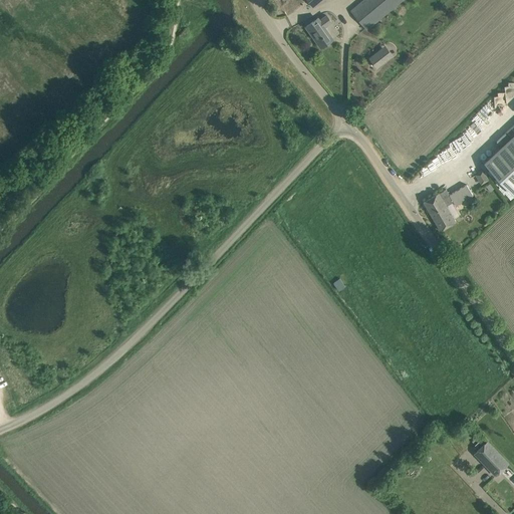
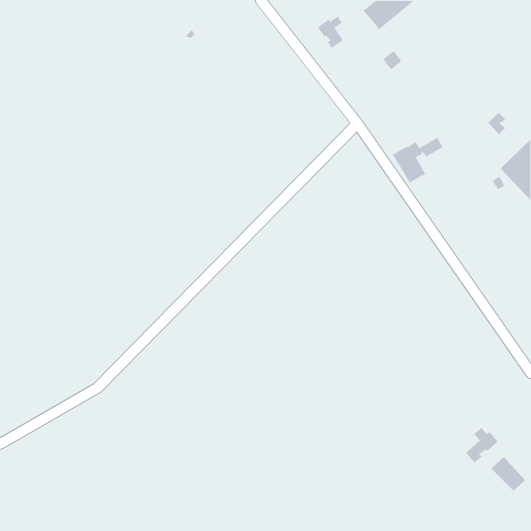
building: [423,185,473,230] -> [392,137,444,183]
building: none -> [465,427,499,463]

